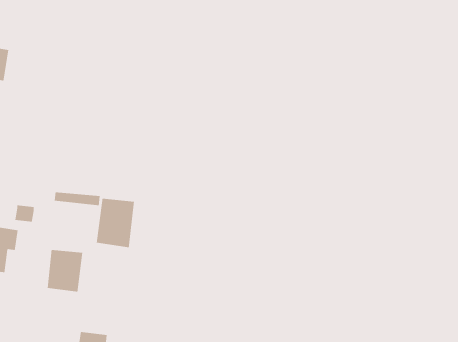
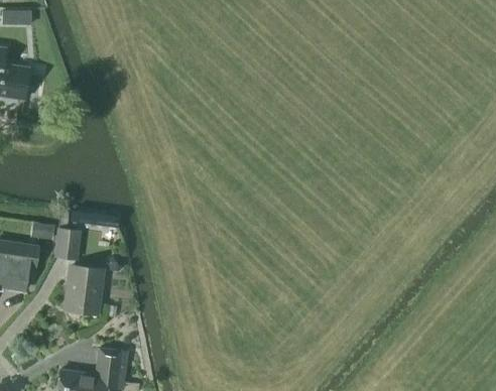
building: [96,198,134,248] -> none
building: none -> [53,226,81,257]

